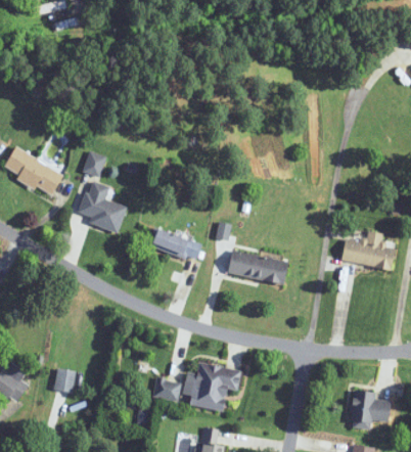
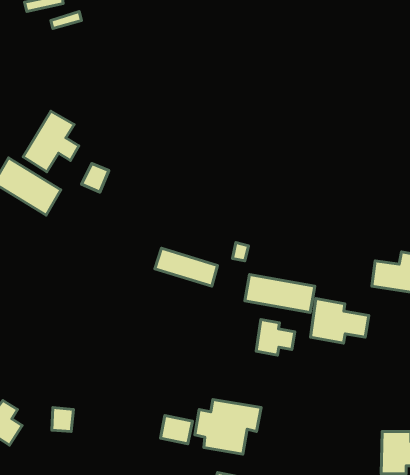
building: none -> [23,111,79,172]
building: [79,180,126,232] -> none
building: none -> [310,299,369,343]
building: none -> [256,319,295,355]

